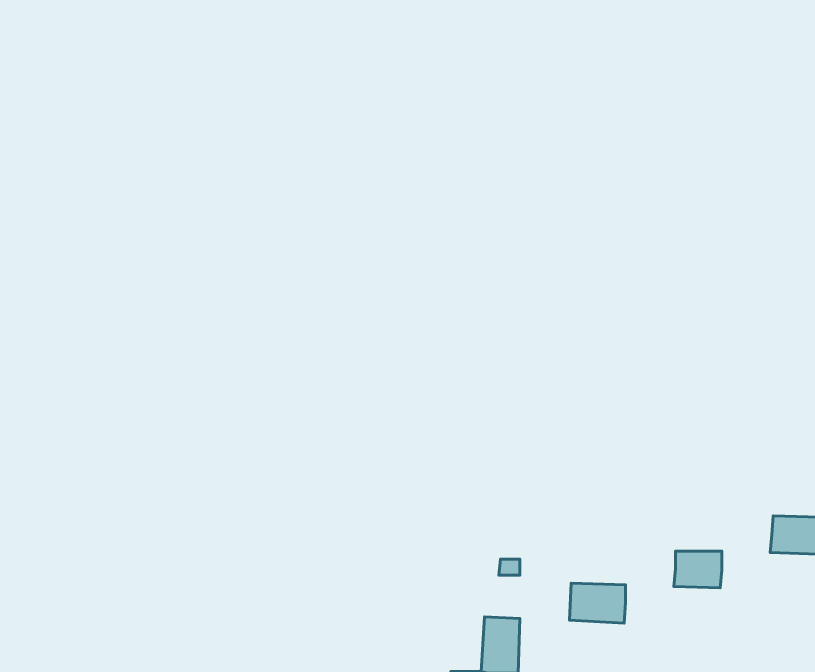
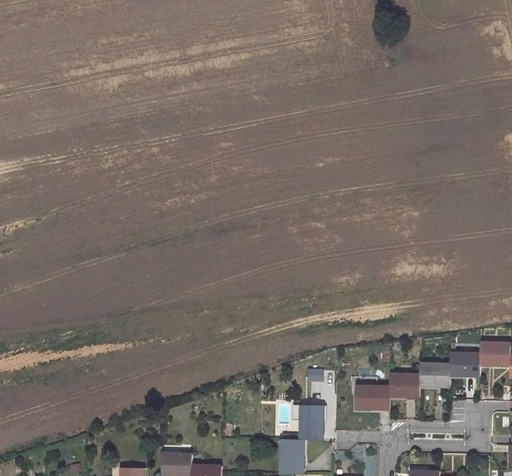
building: none -> [450,352,481,375]
building: none -> [390,373,421,396]

